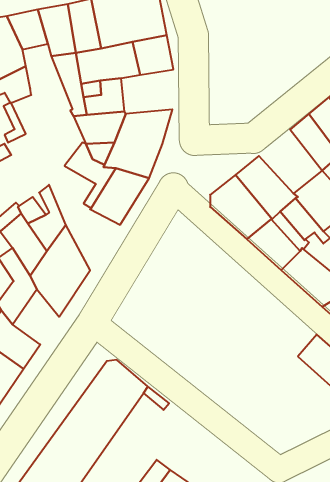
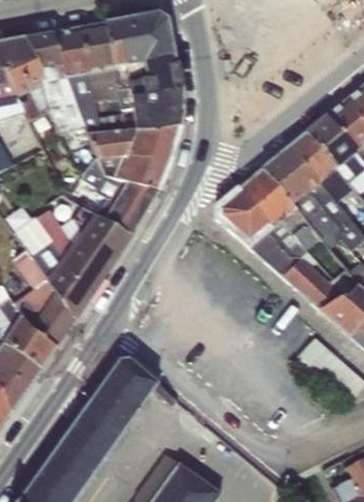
building: none -> [40,64,87,134]
building: none -> [132,88,181,129]
building: none -> [261,144,320,204]
building: none -> [65,196,131,275]
building: none -> [31,293,74,345]

